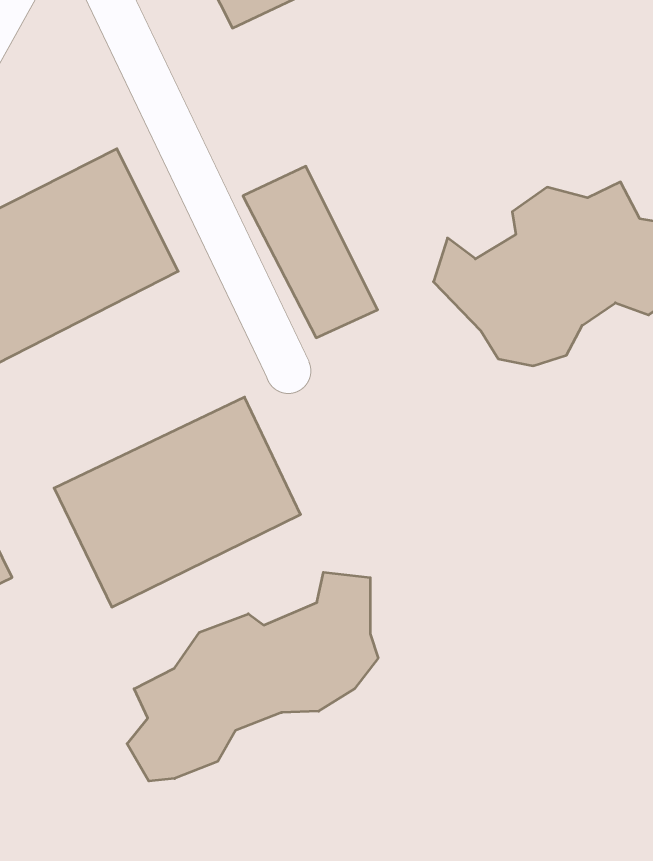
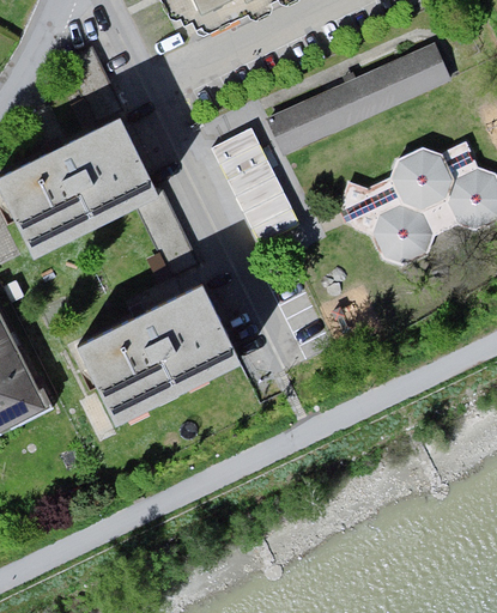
building: none -> [269,38,450,151]
building: [127,572,378,781] -> none

